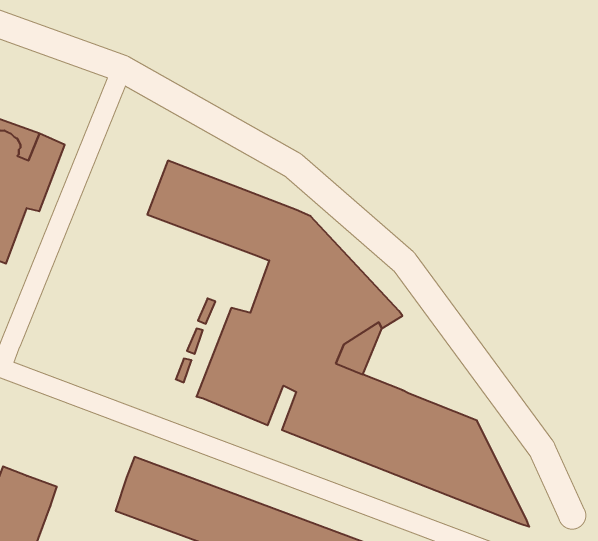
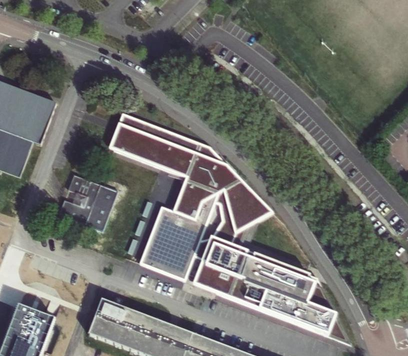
building: none -> [59,173,117,229]

